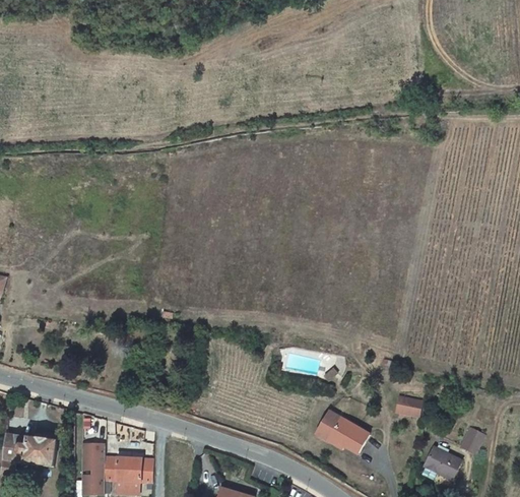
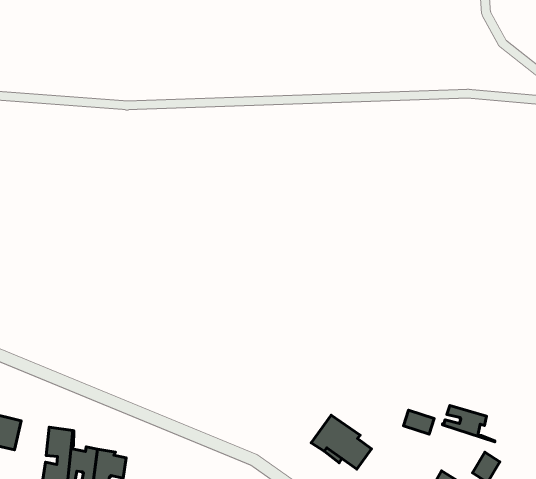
building: none -> [442,405,495,442]

